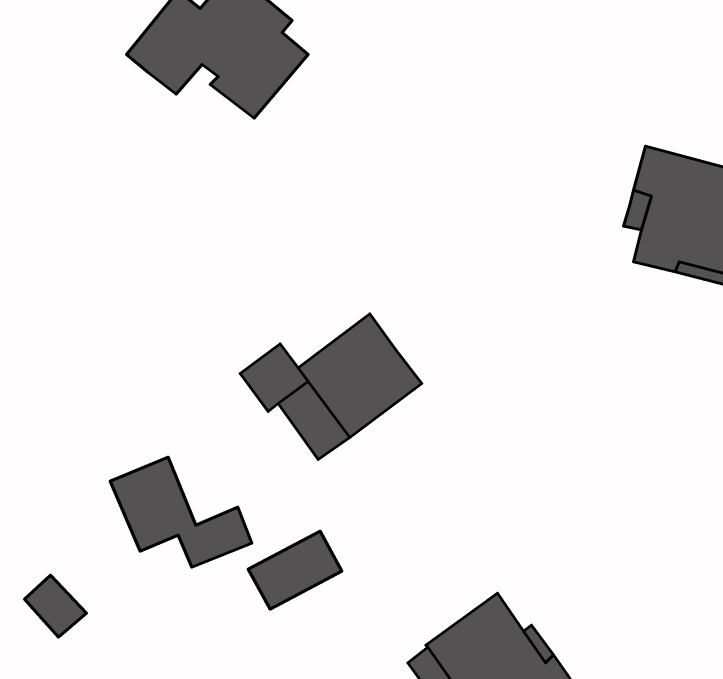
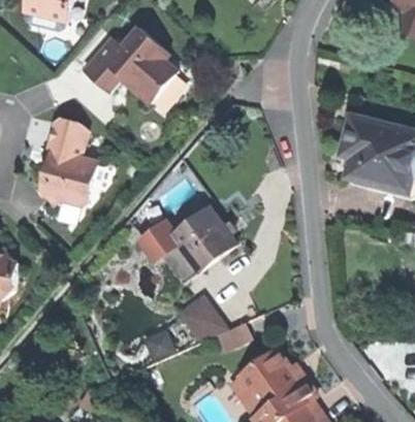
building: none -> [40,116,95,202]
building: [110,457,252,567] -> [184,292,257,349]

